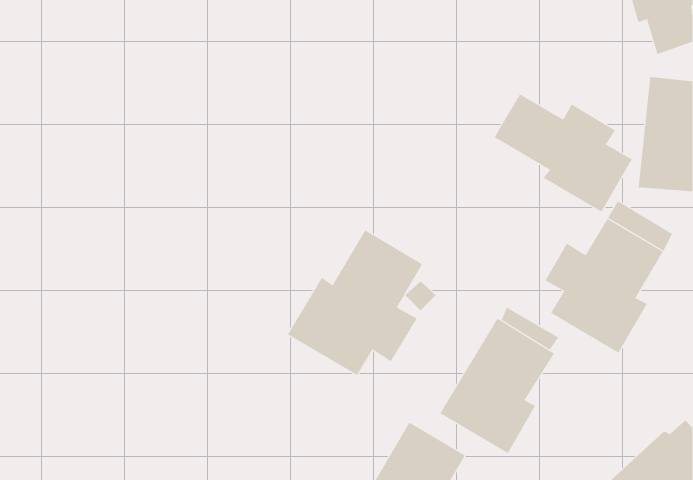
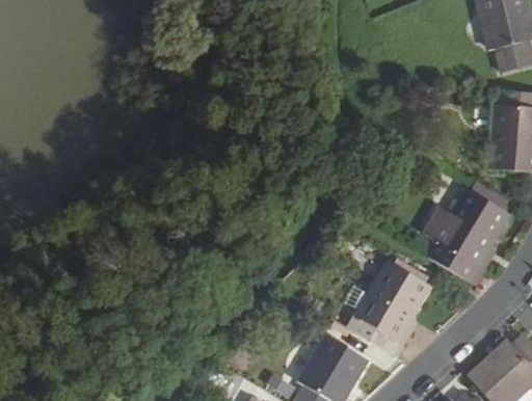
building: [494,94,632,213] -> none
building: [287,230,423,376] -> none

